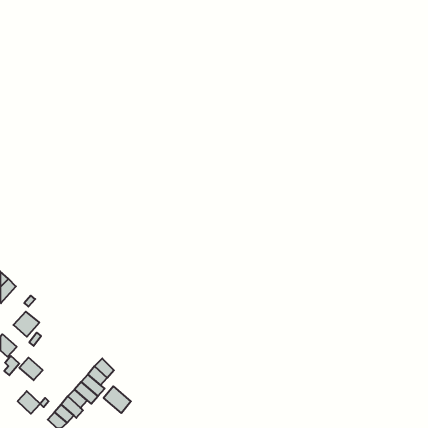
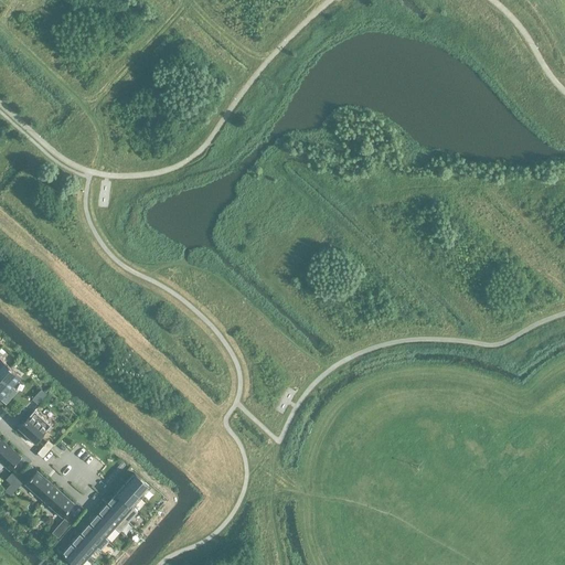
building: [104,386,131,413] -> none
building: [18,391,40,414] -> [44,488,74,518]

